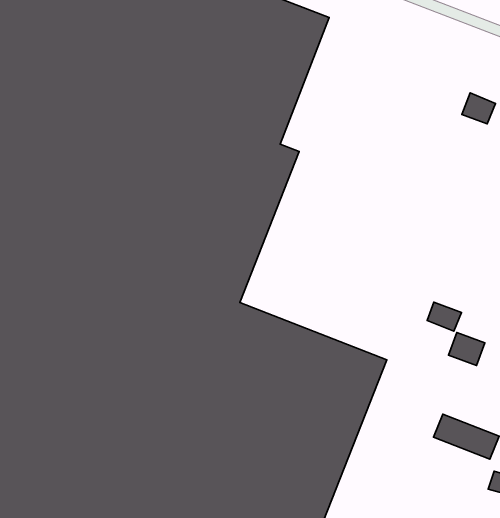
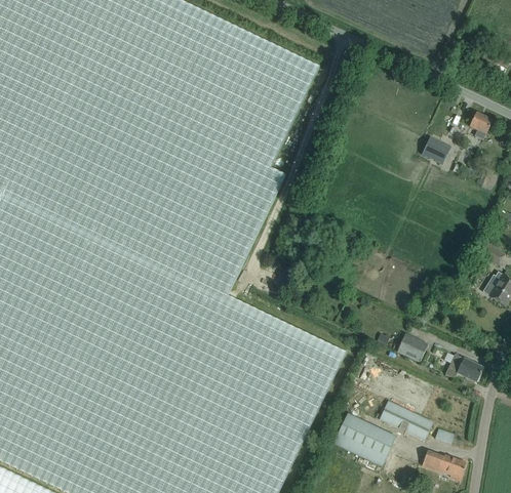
building: [427,302,461,331] -> none
building: none -> [333,413,396,466]

